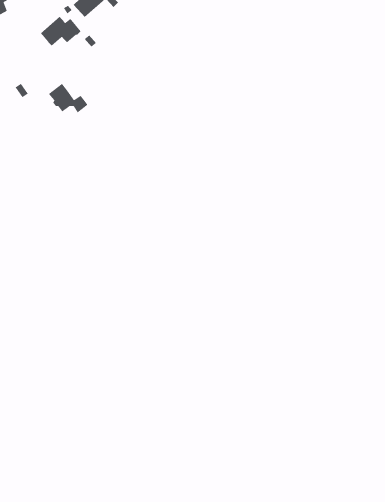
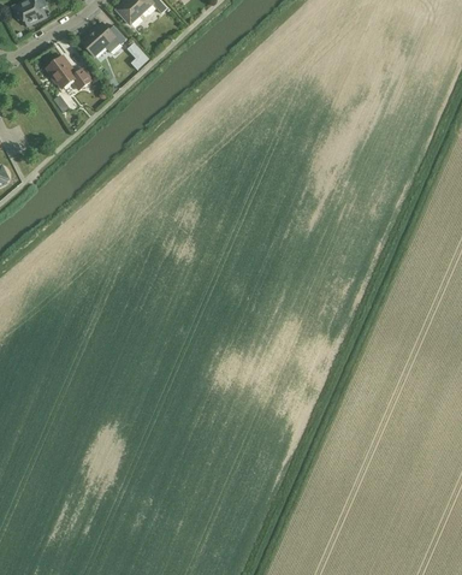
building: [48,83,89,114] -> [47,54,91,88]

